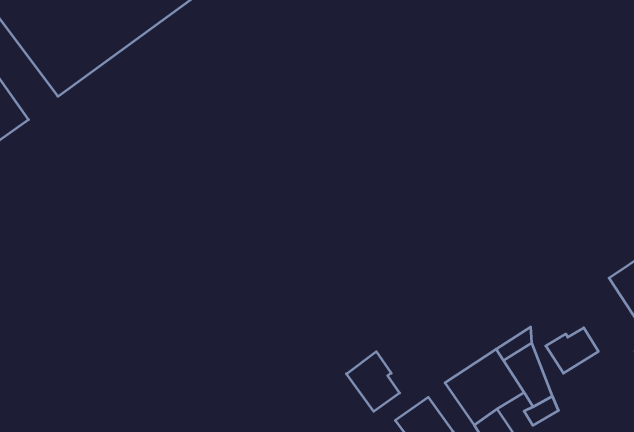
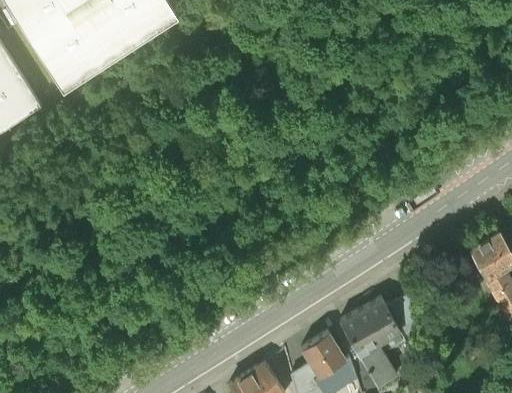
building: [546,328,598,373] -> none
building: [346,352,400,411] -> none

